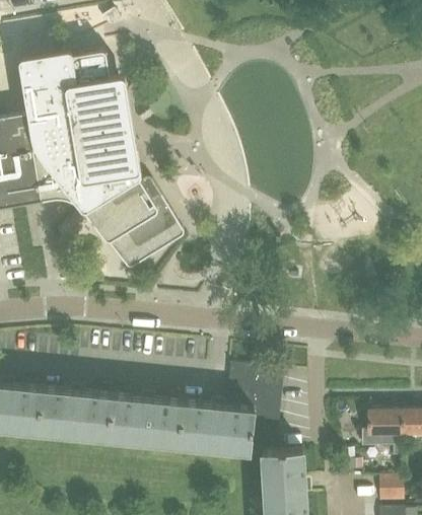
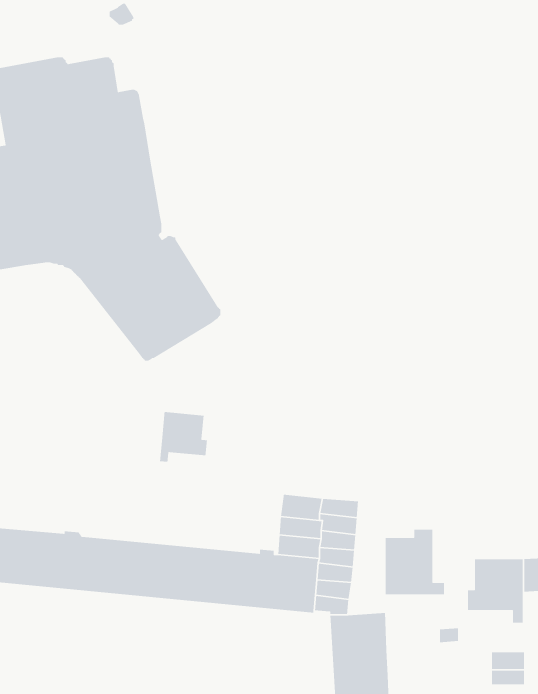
building: none -> [159,411,208,463]
building: none -> [385,529,445,595]

